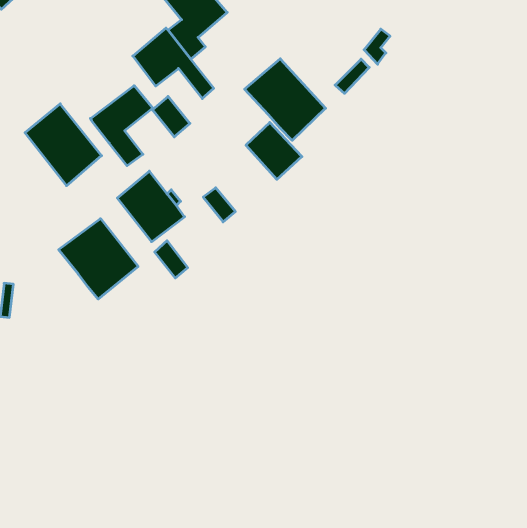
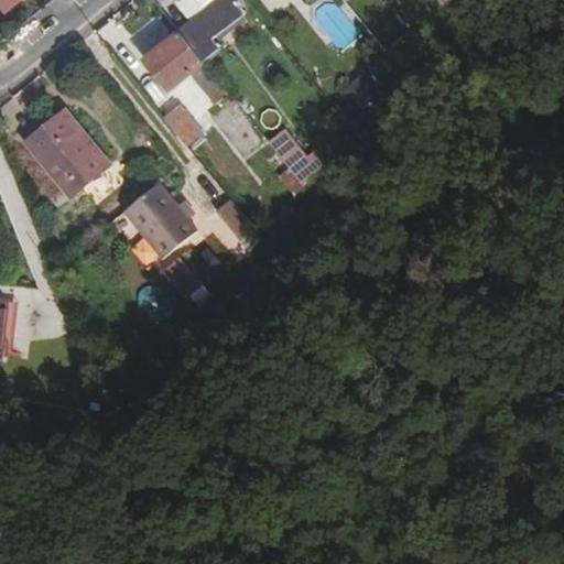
building: [245,59,326,140] -> none
building: [90,86,153,166] -> none
building: [59,219,138,299] -> none

